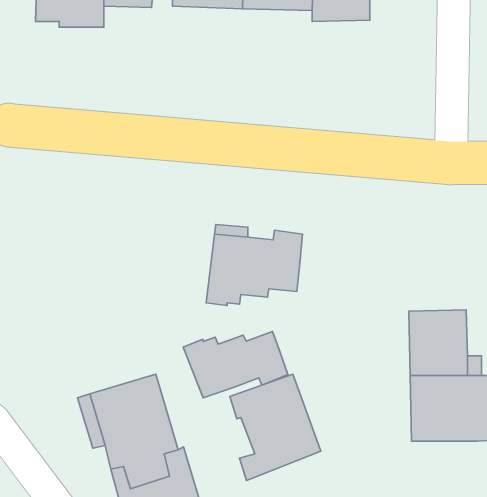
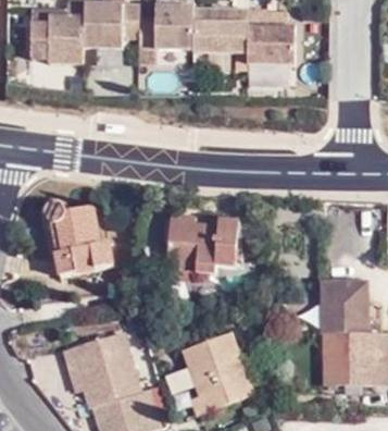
building: none -> [47,206,110,274]
building: [183,332,288,398] -> none

